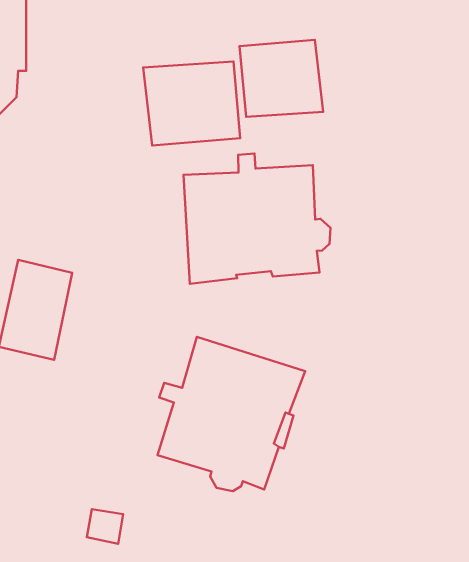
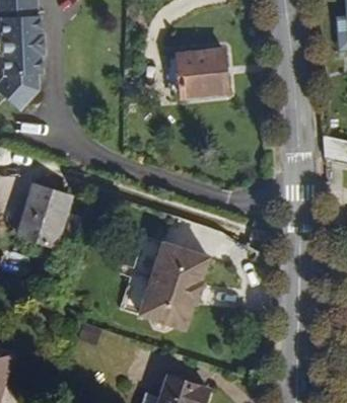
building: [143,62,240,145] -> none
building: [183,153,330,284] -> none

